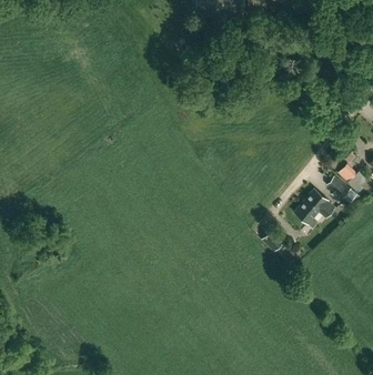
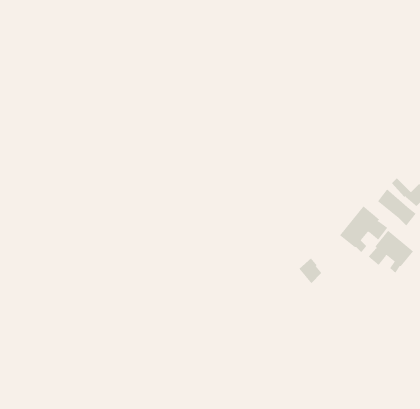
building: none -> [368,230,414,273]

